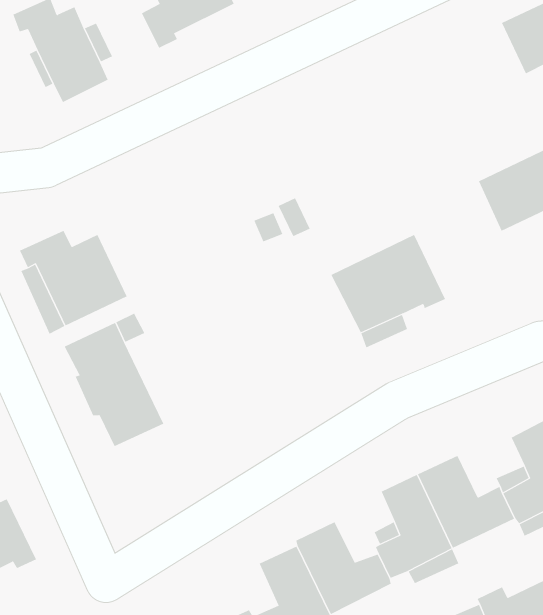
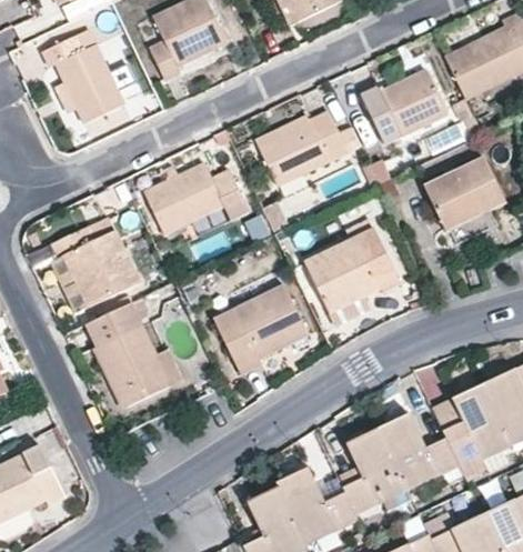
building: none -> [362,71,446,143]
building: none -> [259,111,348,184]
building: none -> [144,164,249,233]
building: none -> [215,287,309,373]

